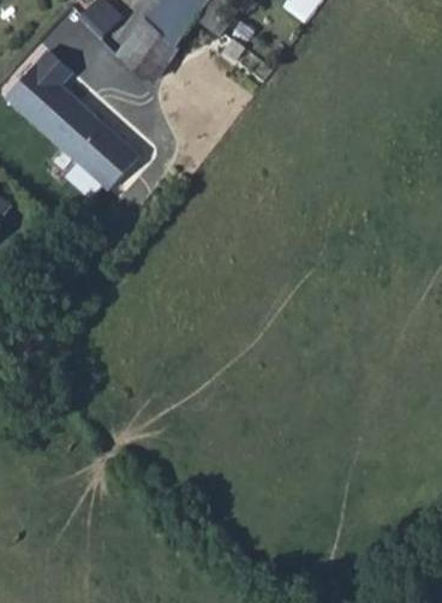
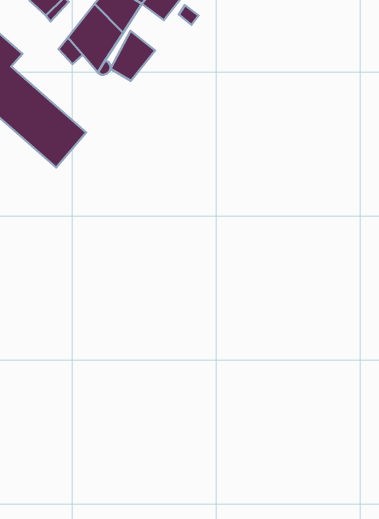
building: none -> [111,31,155,81]

